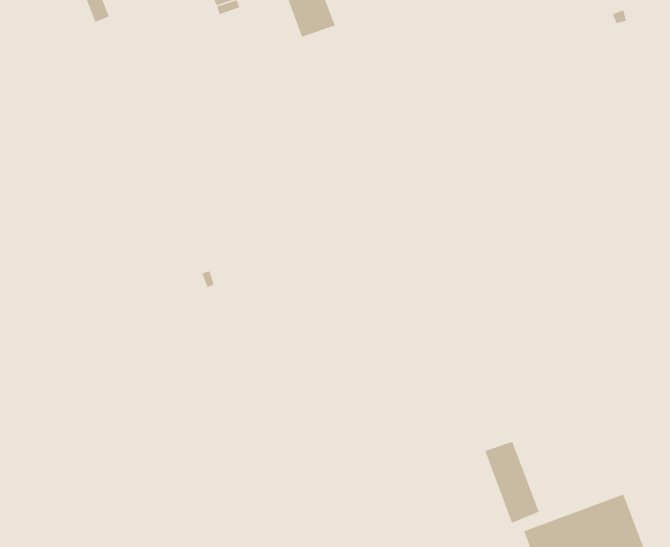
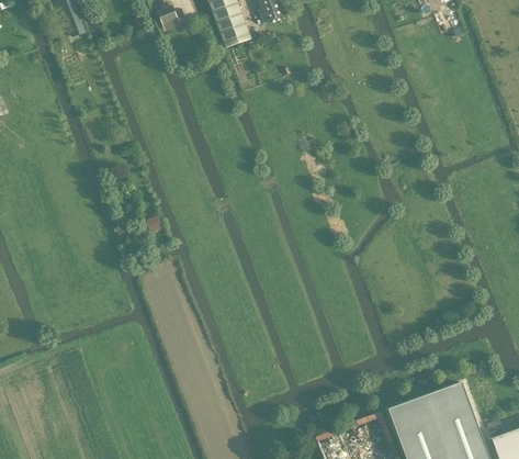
building: [484,441,540,524] -> none

